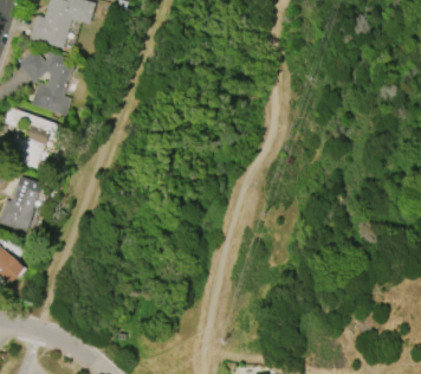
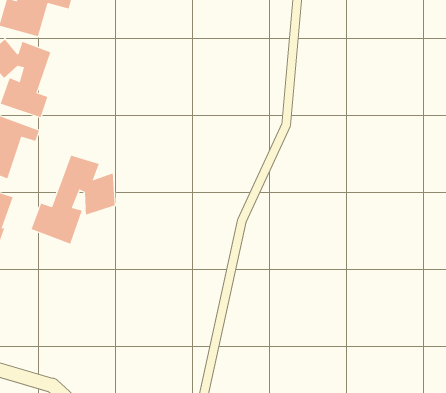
building: none -> [31,155,115,244]

